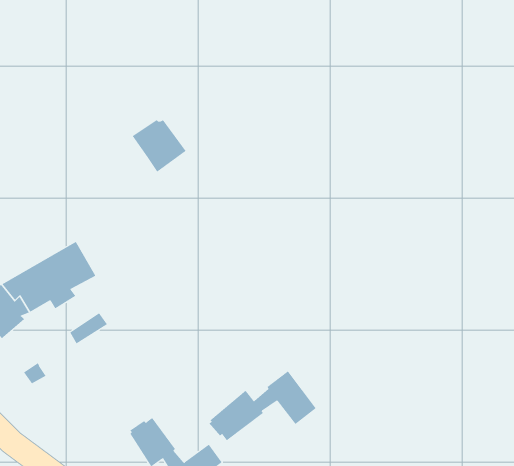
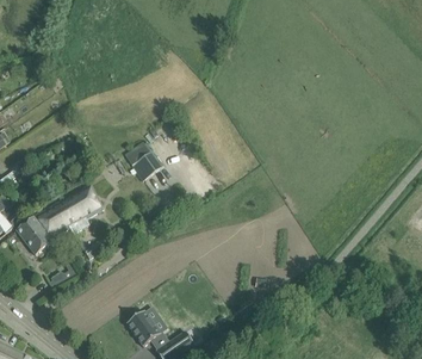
building: [132,119,187,173] -> [124,142,163,180]
building: [209,370,316,441] -> none

